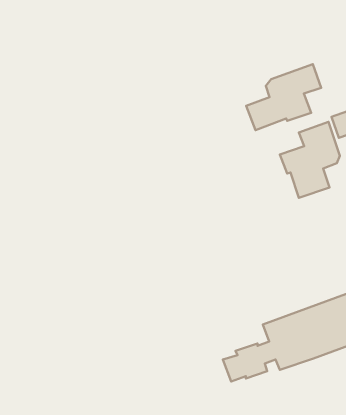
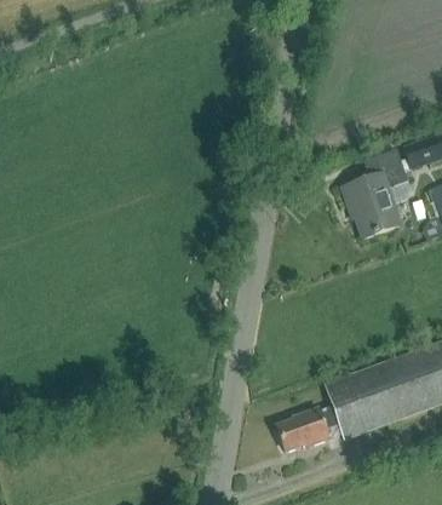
building: [246,64,321,130] -> none

